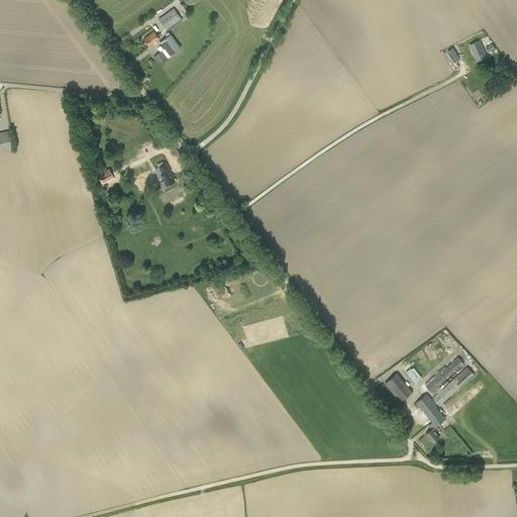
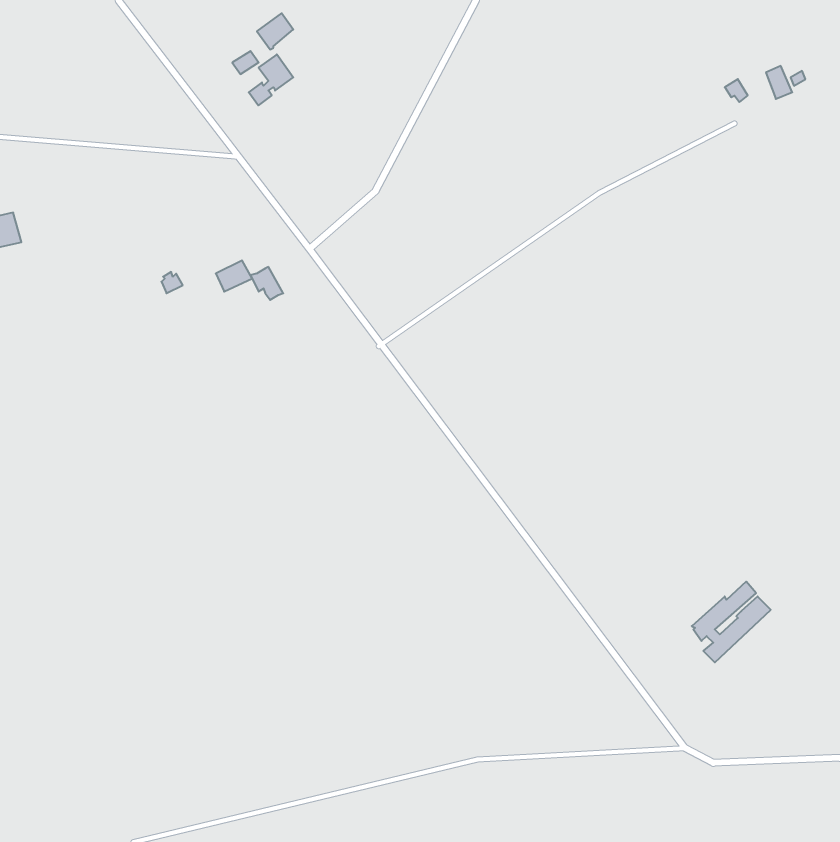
building: [384,373,411,402] -> none
building: [413,394,443,442] -> none

